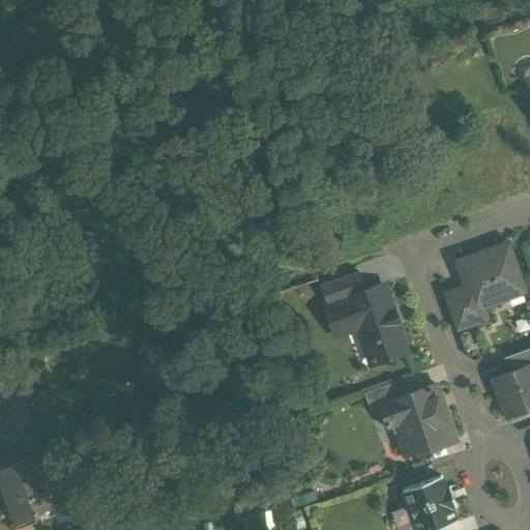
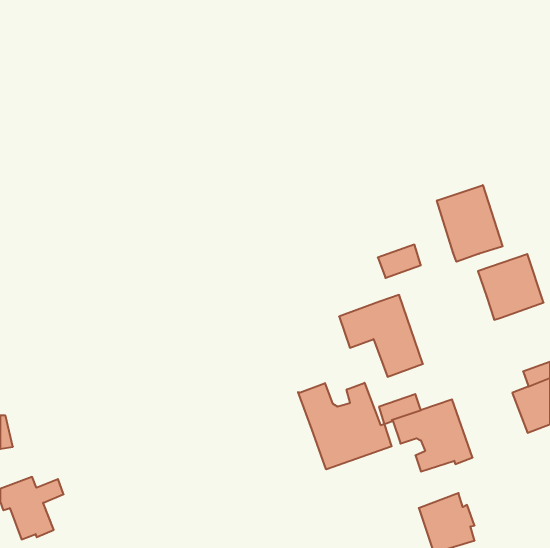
building: none -> [437,185,503,262]
building: [324,272,365,304] -> [378,245,421,278]
building: [446,287,488,330] -> none
building: none -> [298,383,392,469]

